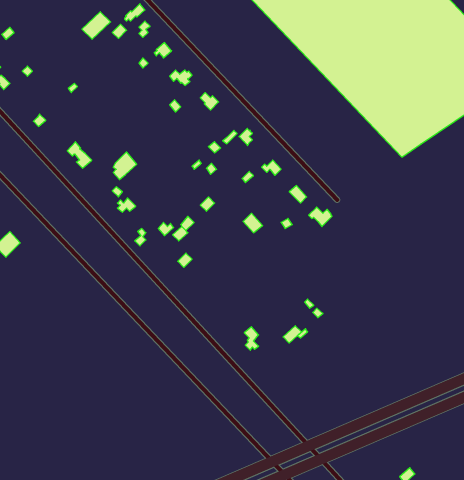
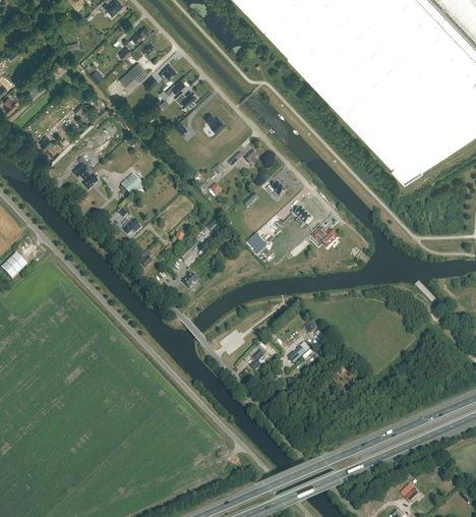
building: [82,12,111,39] -> [119,62,147,90]

